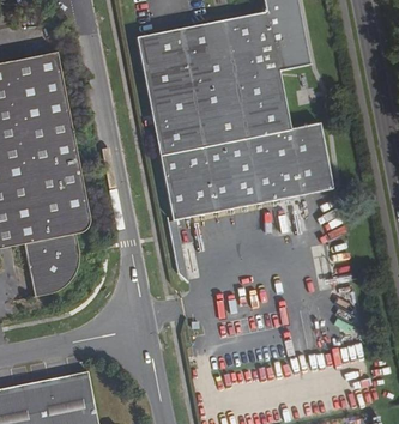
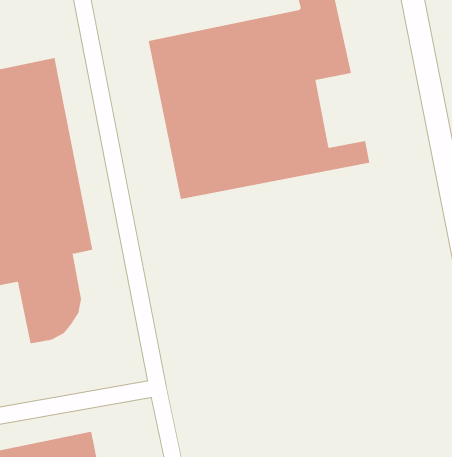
building: [164,143,335,222] -> none

